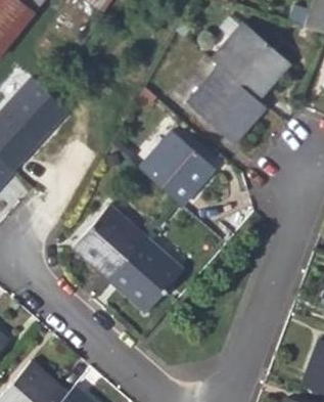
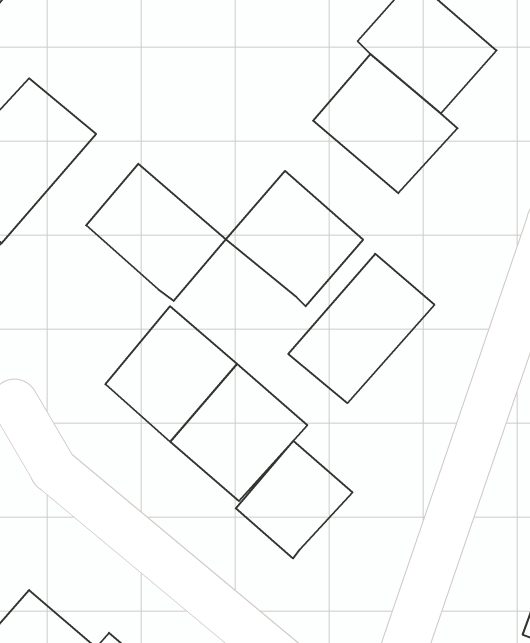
building: none -> [86,164,226,301]
building: none -> [288,254,434,403]
building: none -> [236,441,352,558]

